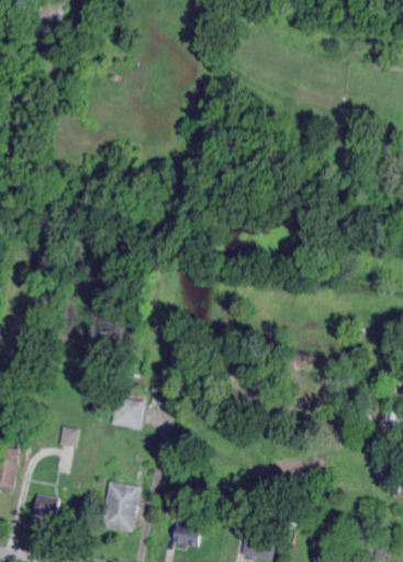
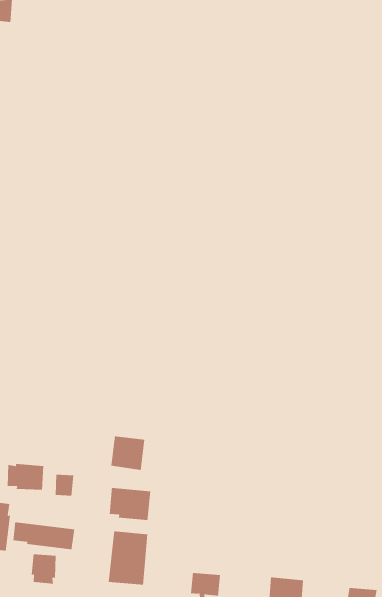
building: none -> [7,463,44,490]
building: none -> [109,487,151,521]
building: none -> [13,521,75,550]

